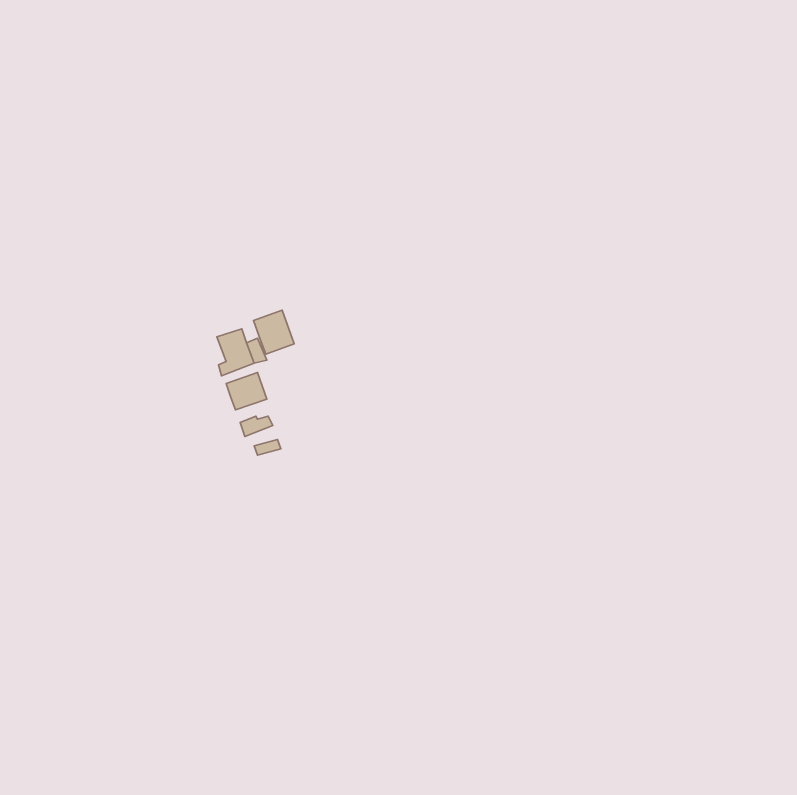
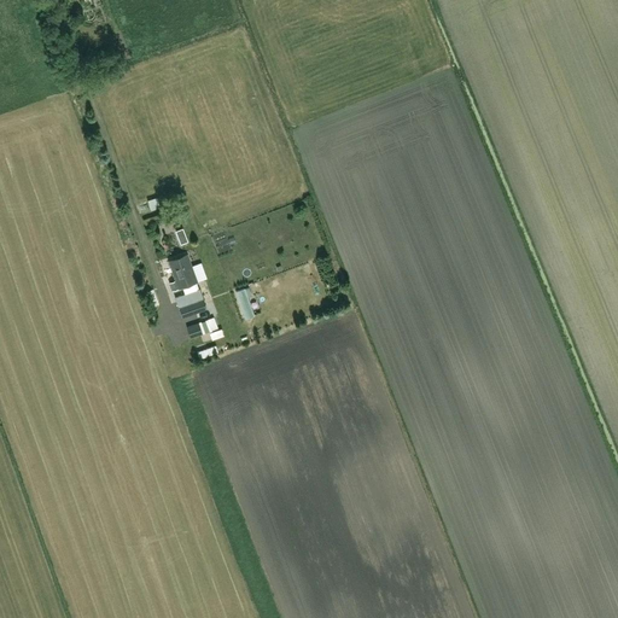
building: [254,310,294,354] -> none

